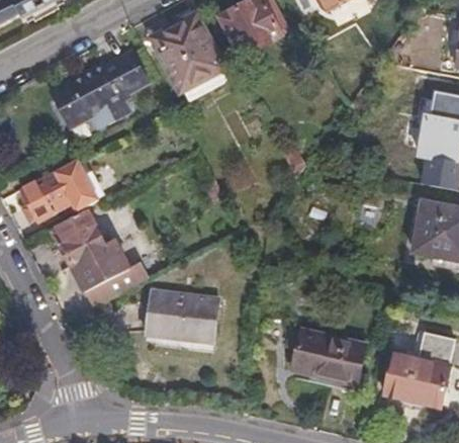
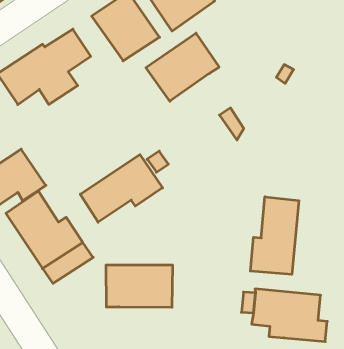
building: none -> [146,33,219,101]
building: none -> [80,155,163,222]
building: none -> [250,197,299,274]

